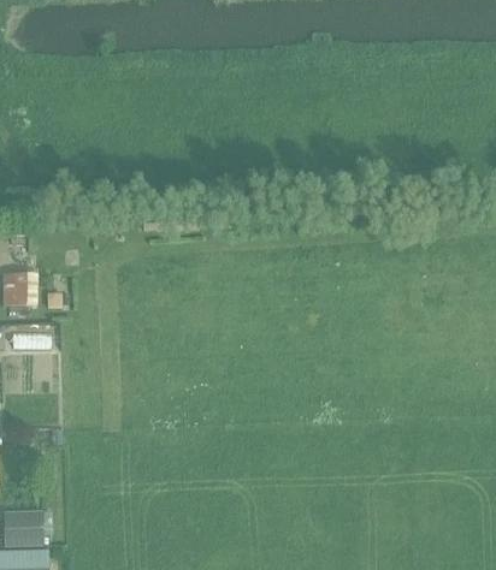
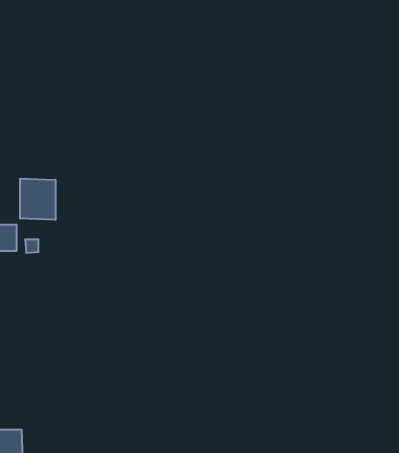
building: none -> [20,179,55,220]

